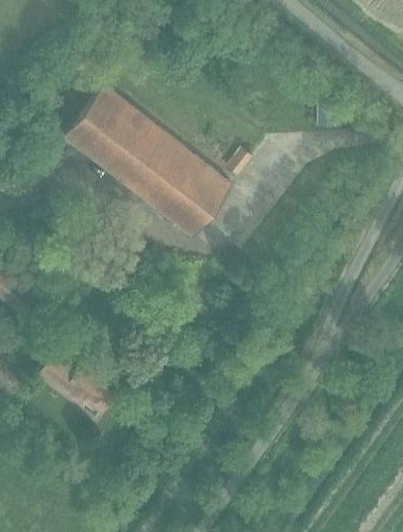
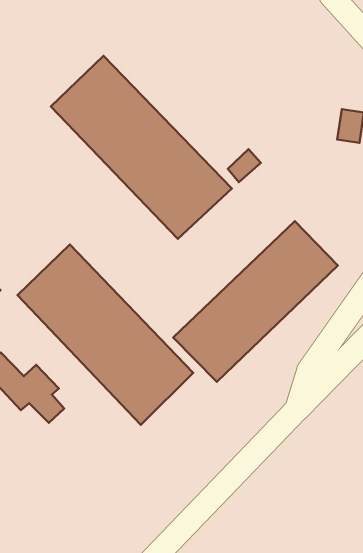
building: none -> [173,221,338,382]
building: none -> [17,245,193,425]

